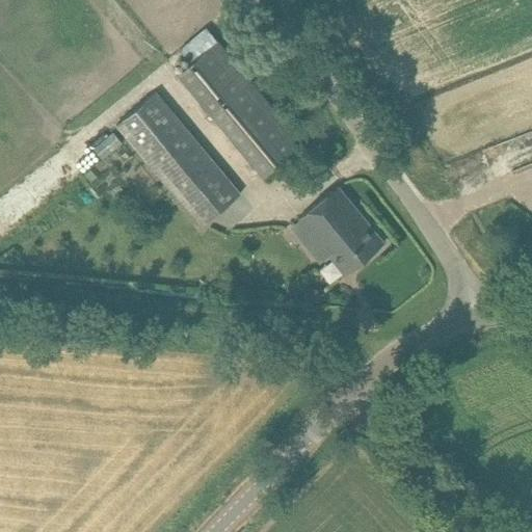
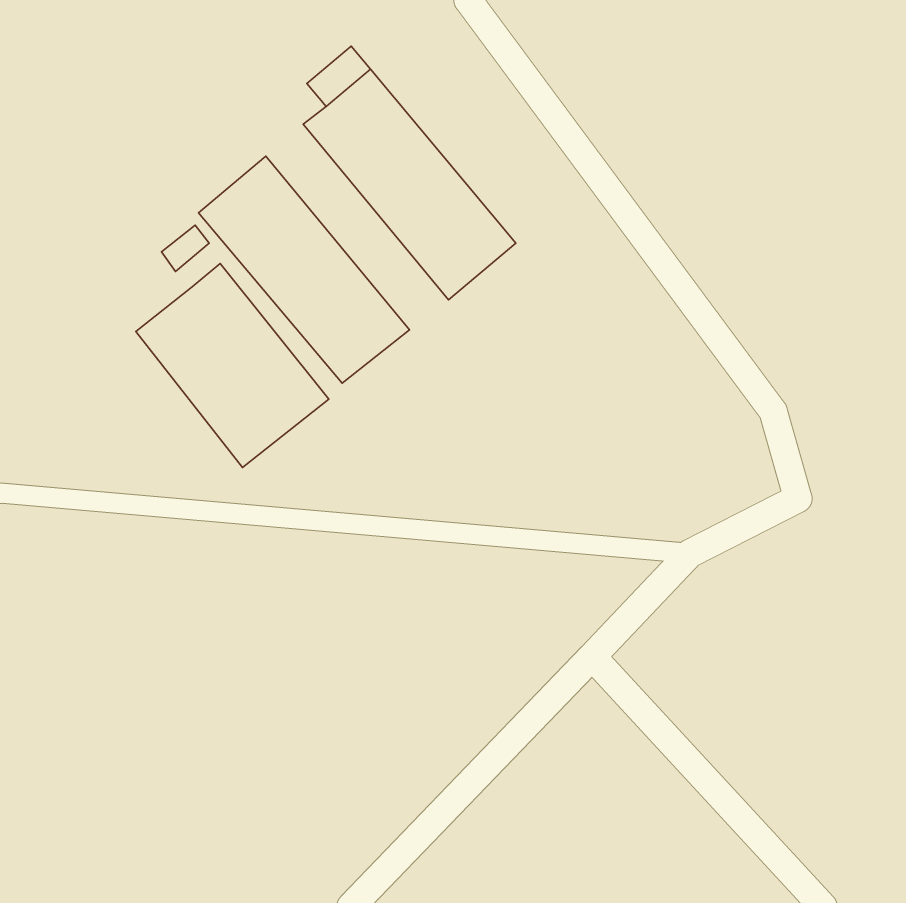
building: none -> [136,263,329,468]
building: [299,188,384,276] -> none

